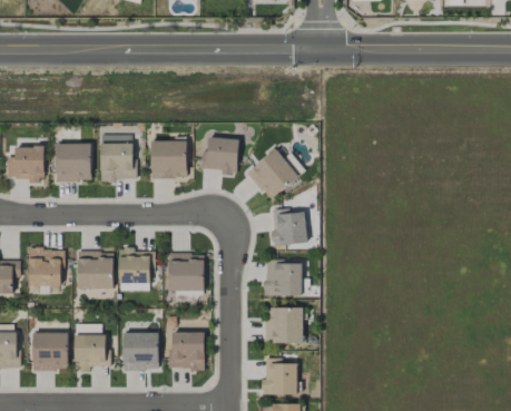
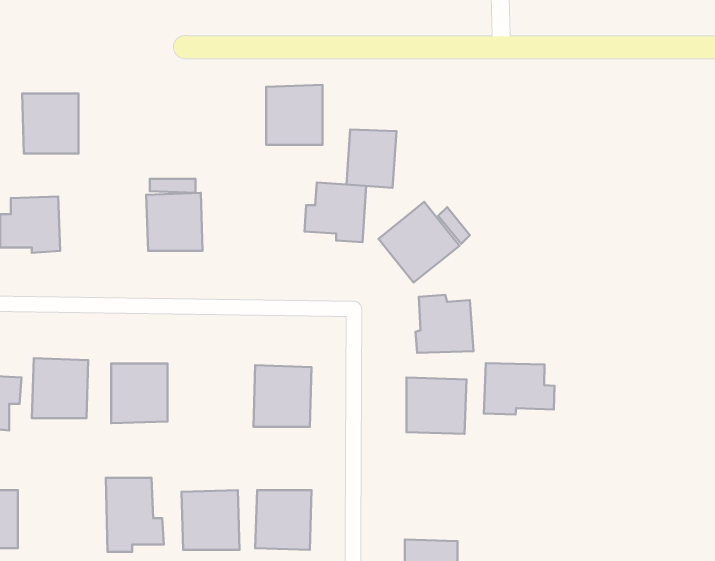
building: none -> [347,130,396,188]
building: [151,140,187,178] -> [266,85,322,145]
building: [56,144,91,182] -> [22,94,78,153]
building: [119,249,153,291] -> none
building: none -> [484,363,555,414]
building: [266,307,303,343] -> none
building: [32,332,69,371] -> none

